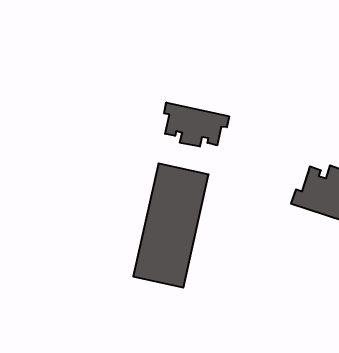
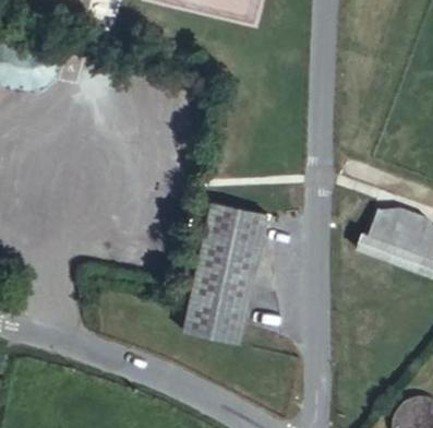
building: [164,102,229,147] -> none

